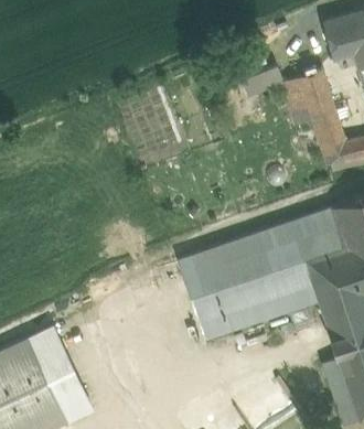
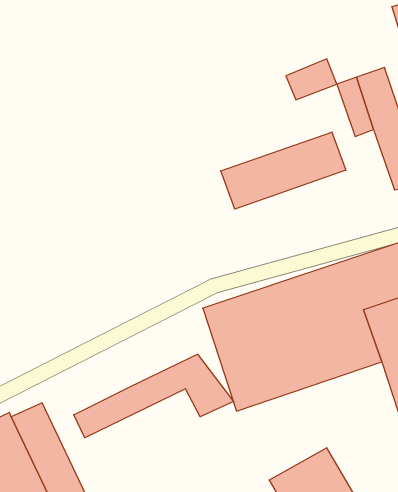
building: none -> [221,132,346,209]
building: none -> [74,354,233,438]

